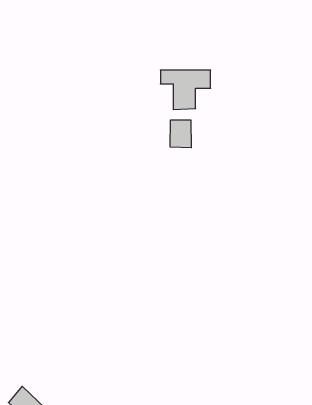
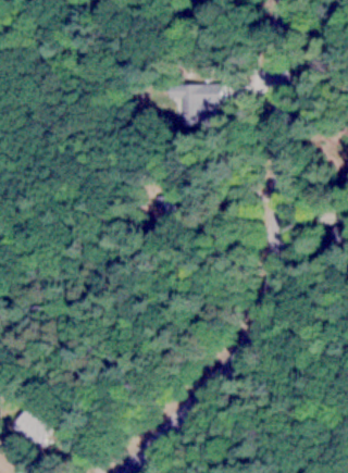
building: [170,120,191,148] -> none

